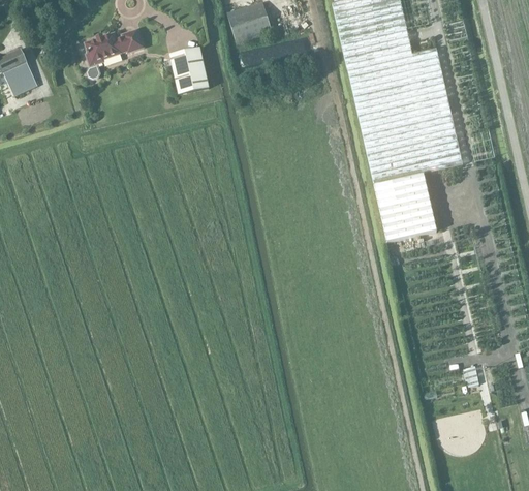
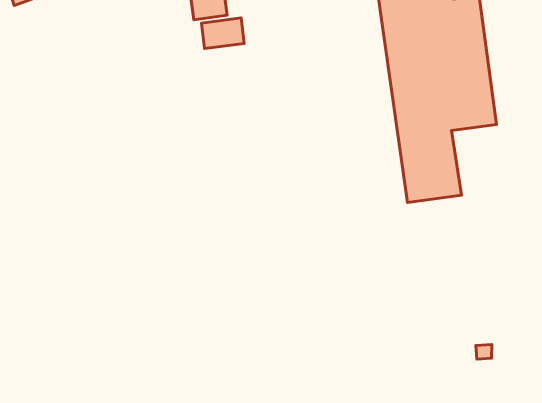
building: none -> [201,18,244,49]

